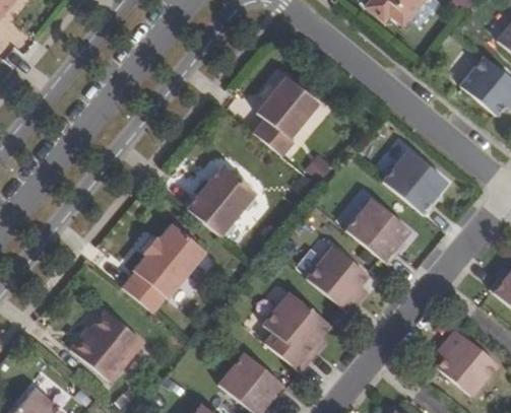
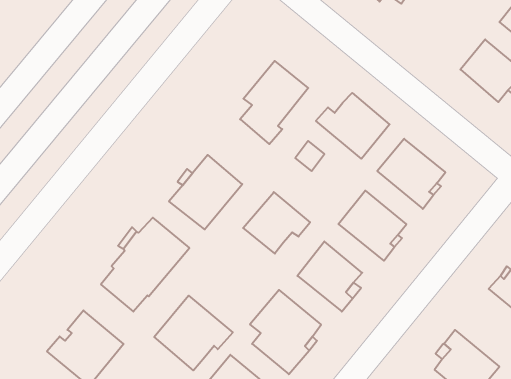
building: none -> [316,93,390,159]
building: none -> [243,192,310,254]
building: none -> [154,296,233,370]

